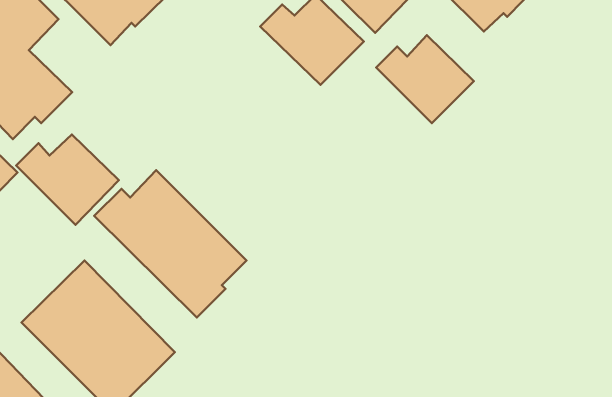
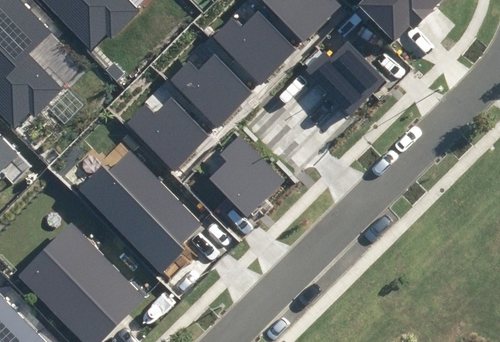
building: none -> [168,54,252,127]
building: [16,134,119,225] -> [127,98,210,171]
building: none -> [211,137,284,216]

